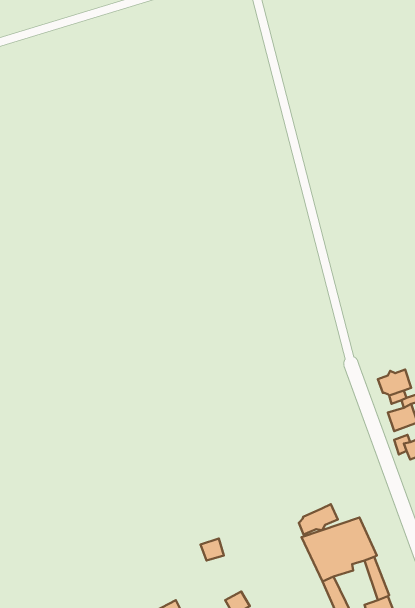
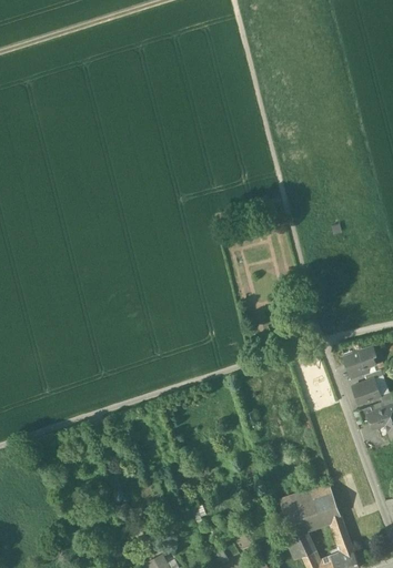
building: [299,504,338,534] -> none

